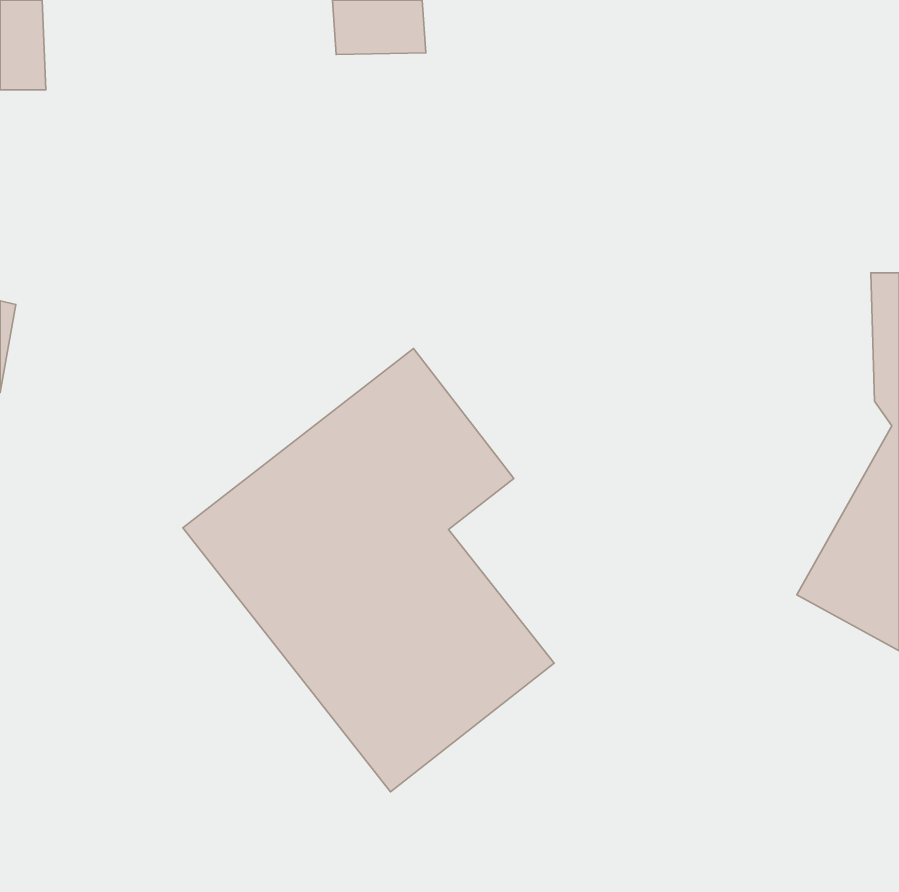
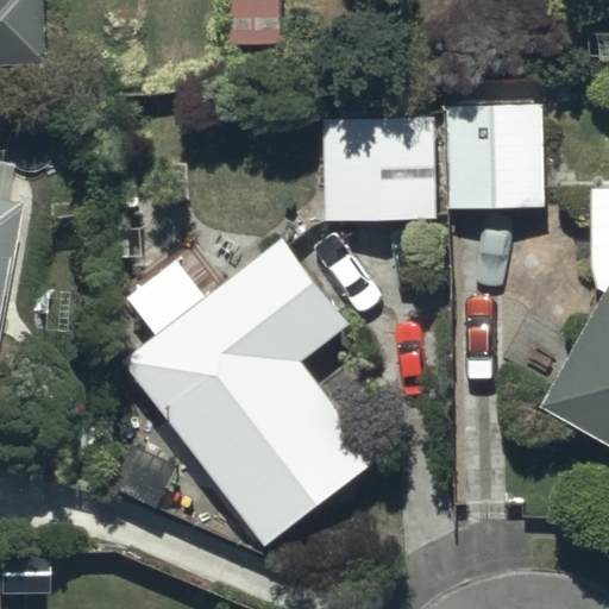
building: none -> [322,106,546,221]

